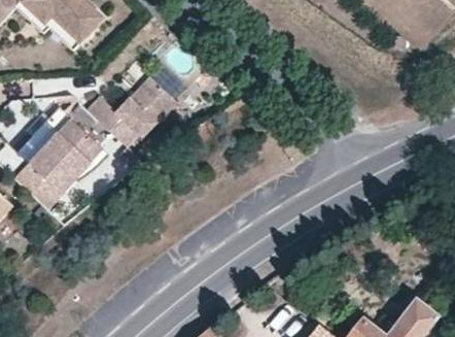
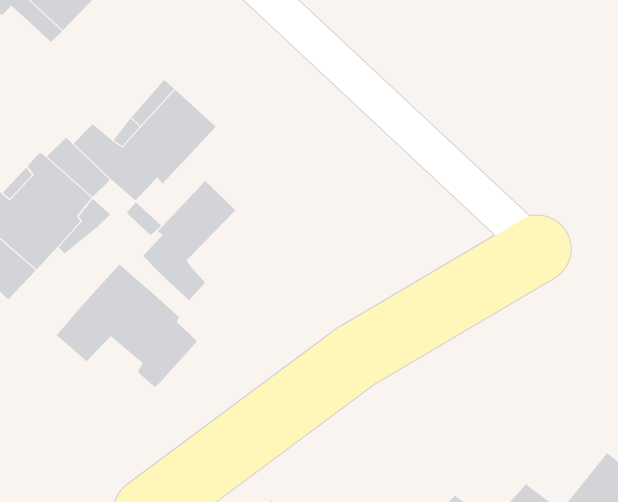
building: none -> [142,180,236,301]
building: none -> [56,264,198,388]

